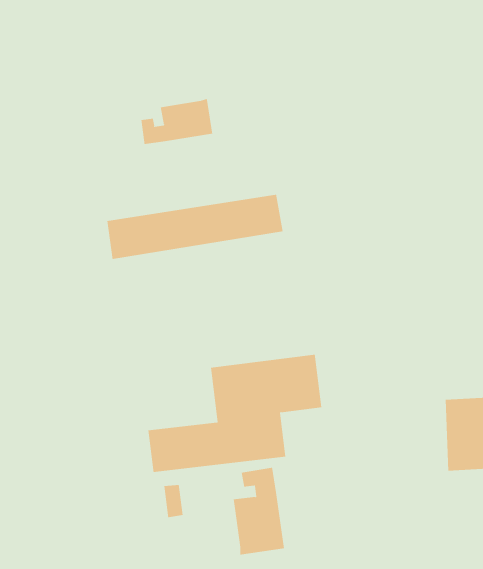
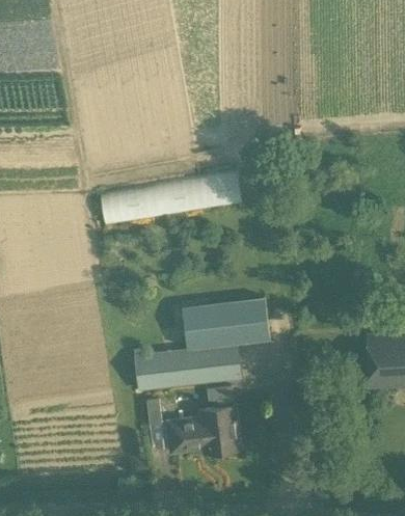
building: [141,98,213,145] -> none
building: none -> [168,417,206,452]

